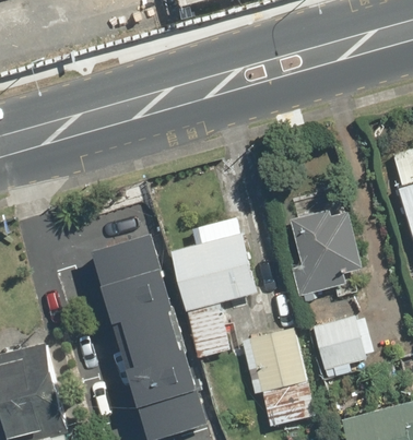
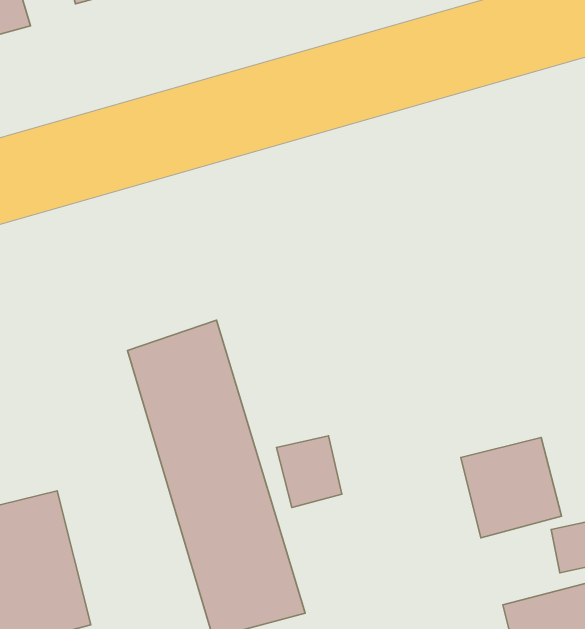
building: [292,206,362,297] -> none
building: [170,229,260,312] -> none
building: [247,326,317,427] -> none

